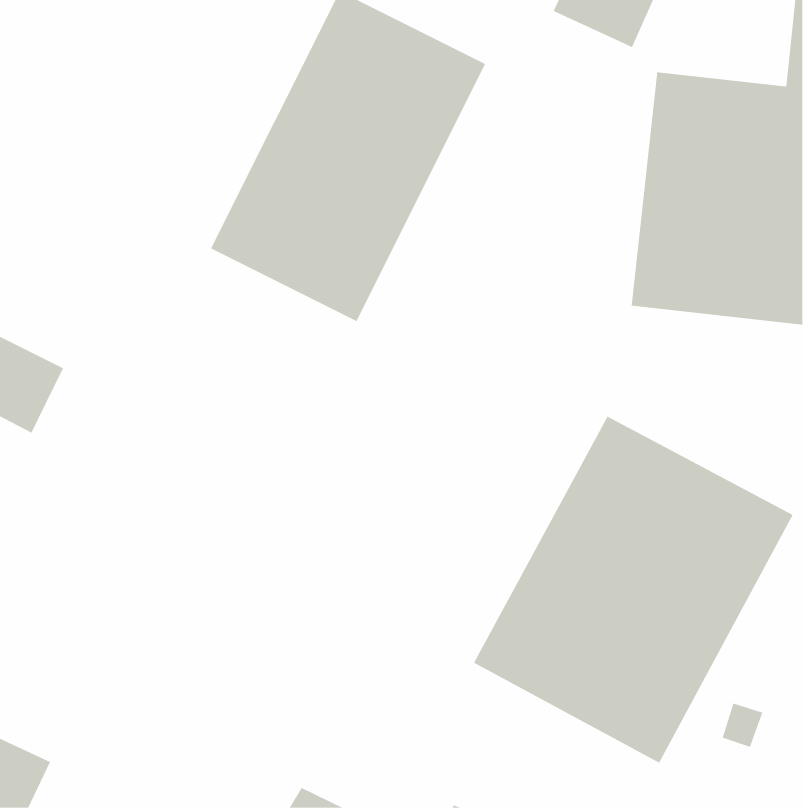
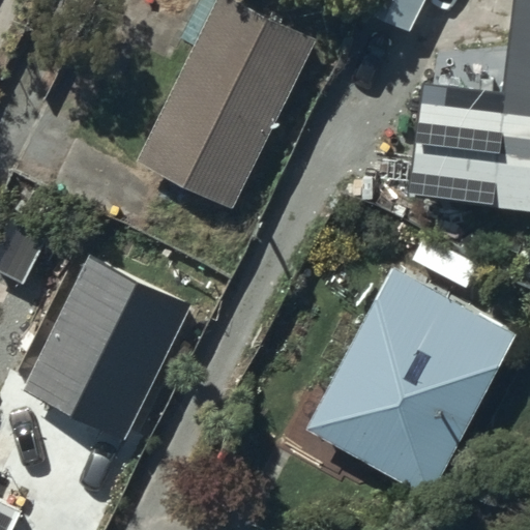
building: none -> [27,257,189,437]

